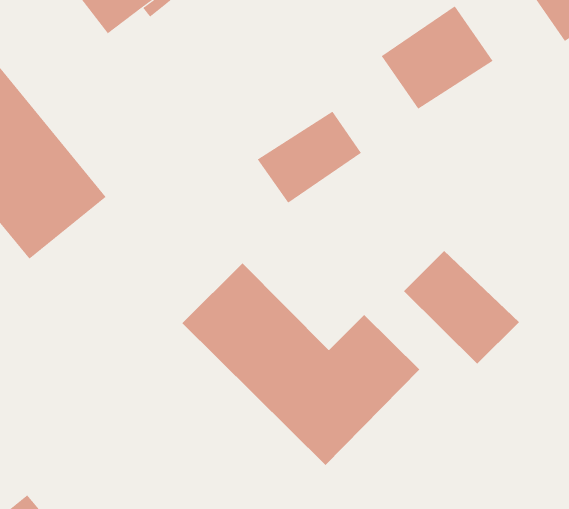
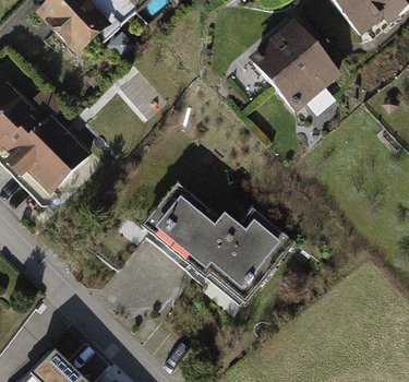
building: [257,111,362,203] -> [273,48,337,108]
building: [403,250,520,364] -> none

